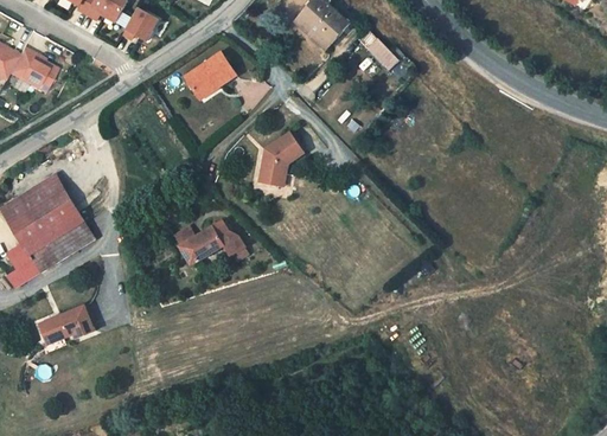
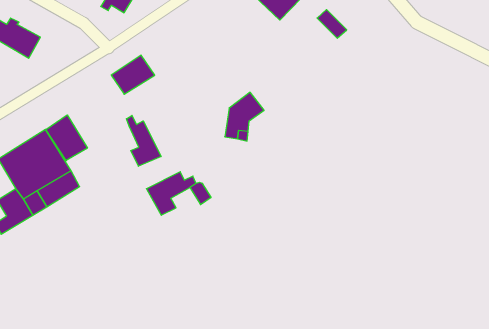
building: [183,53,231,97] -> [111,55,155,94]
building: none -> [46,115,87,161]
building: none -> [126,115,161,166]
building: [37,306,91,345] -> none

